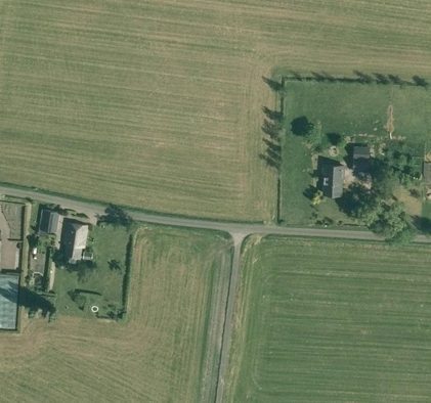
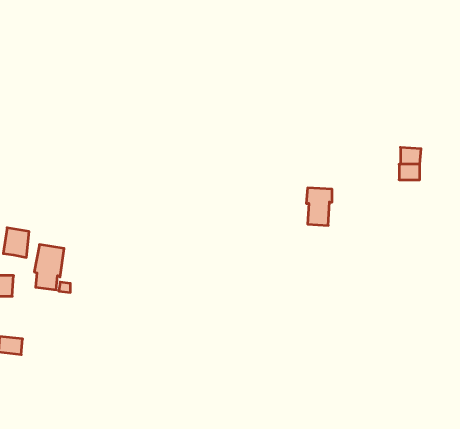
building: [321,166,342,195] -> [306,188,332,225]

